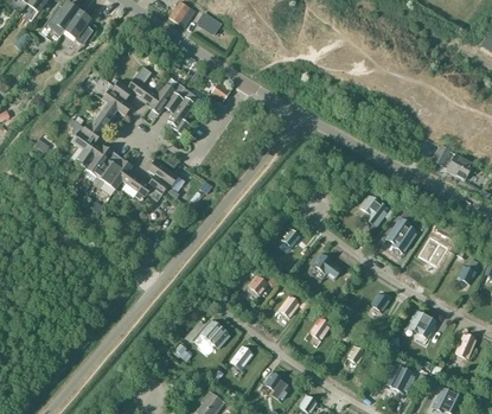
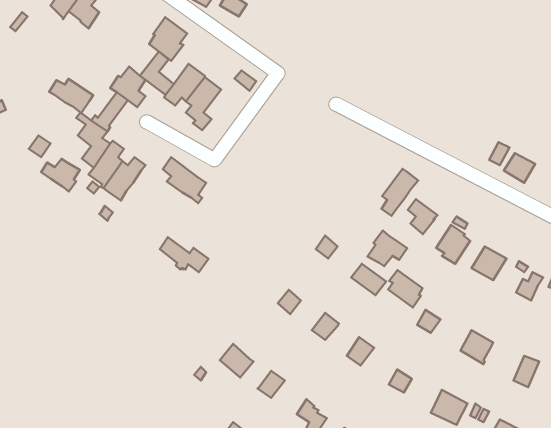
building: none -> [149,17,187,61]
building: none -> [49,79,93,113]
building: none -> [41,159,80,191]
building: none -> [381,169,418,216]
building: [121,170,164,200] -> [160,237,208,272]
building: none -> [368,231,407,266]
building: none -> [388,270,422,308]

